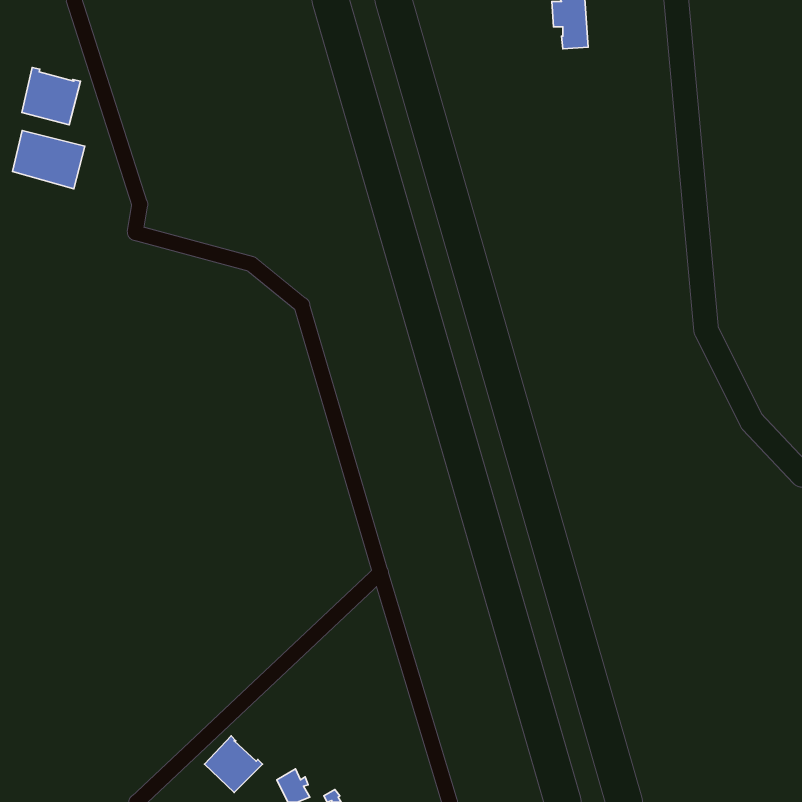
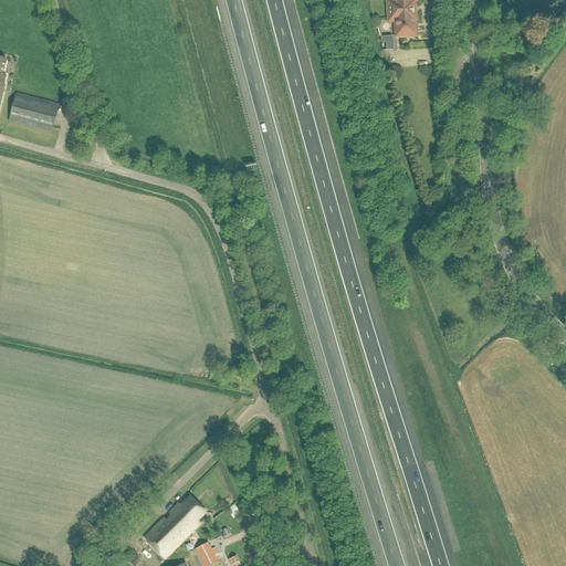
building: [22,67,80,125] -> none
building: none -> [163,496,205,537]

